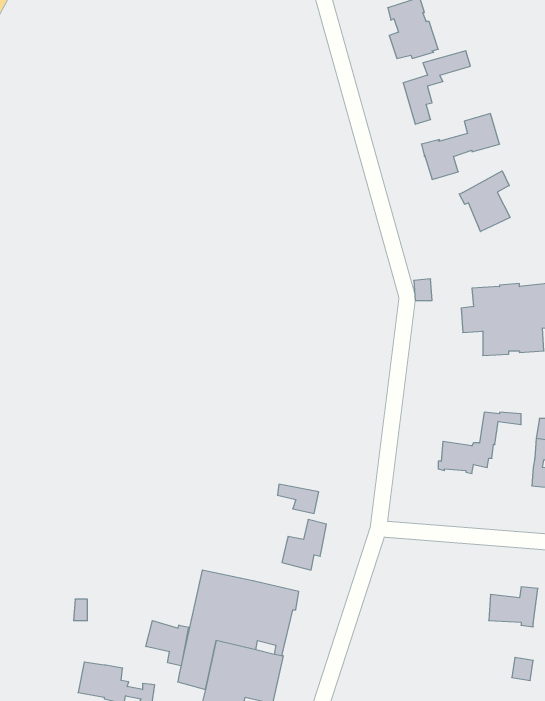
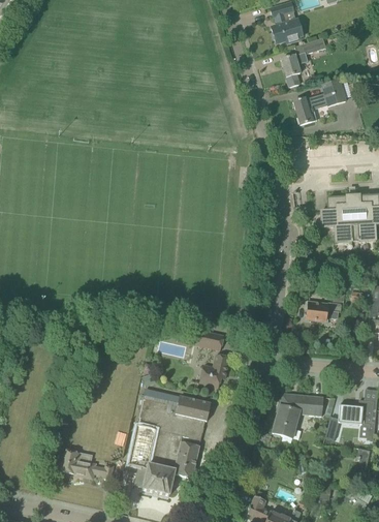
building: [459,171,510,232] -> none
building: none -> [272,392,323,438]
building: [146,621,189,666] -> none

